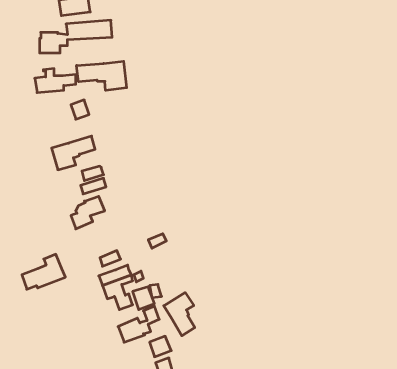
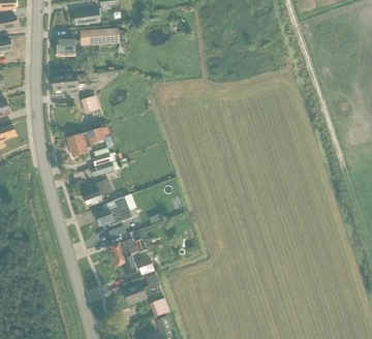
building: [77,61,127,90] -> none
building: [22,254,65,289] -> [94,195,131,225]
building: [164,293,195,336] -> none

